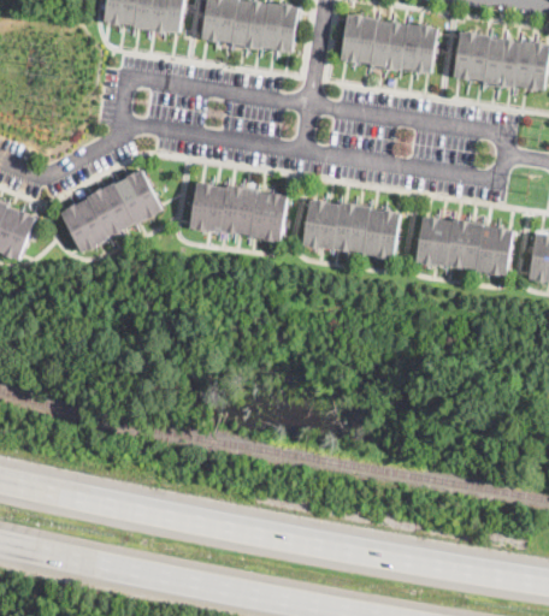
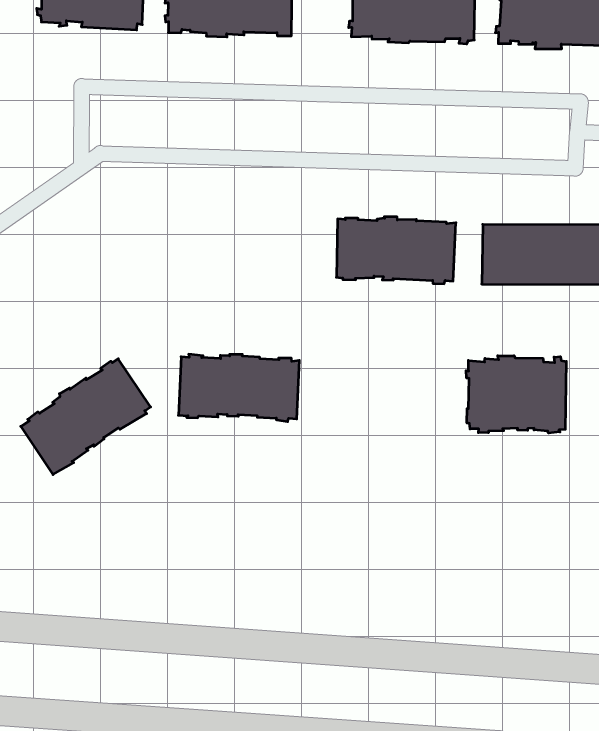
building: [60,170,161,253] -> [21,359,151,475]
building: [190,182,288,242] -> [178,354,299,422]
building: none -> [466,356,566,433]

